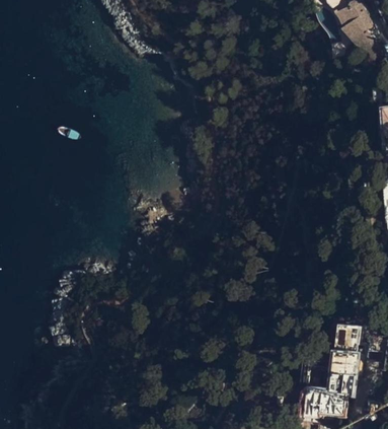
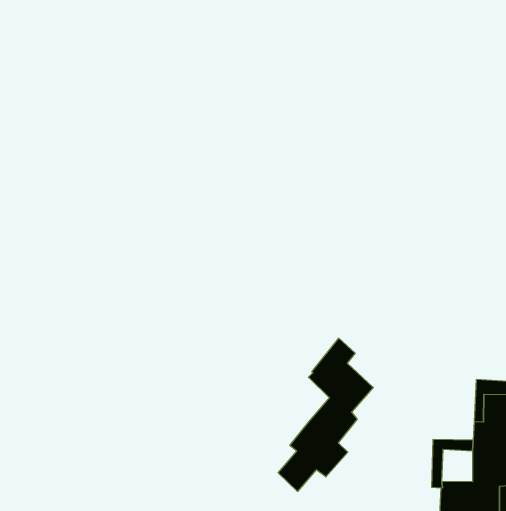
building: none -> [278,338,373,491]

